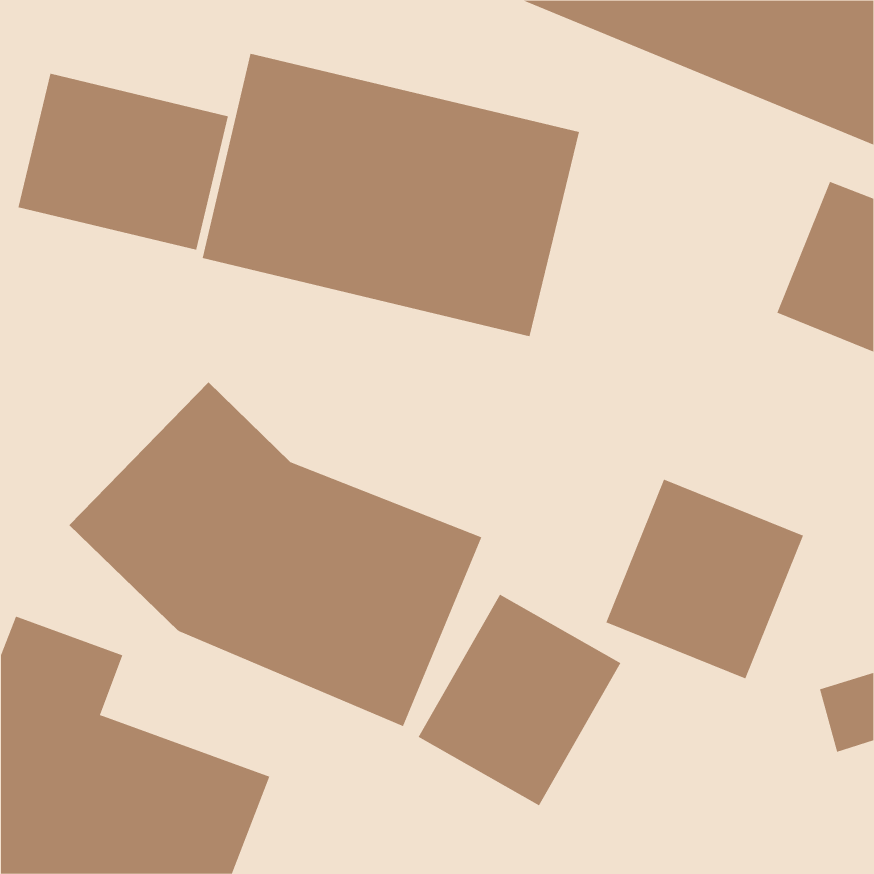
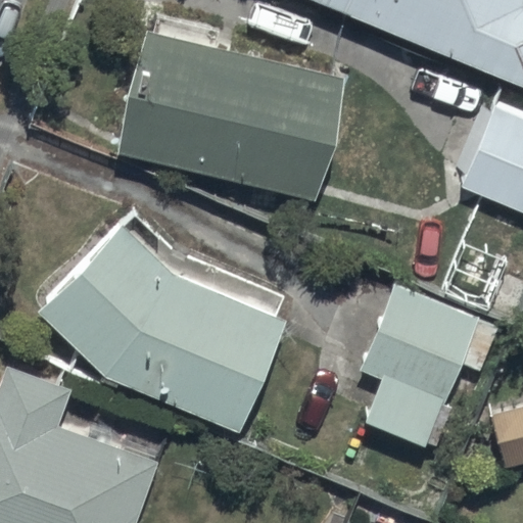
building: [18,73,229,251] -> none
building: [418,594,621,806] -> none

